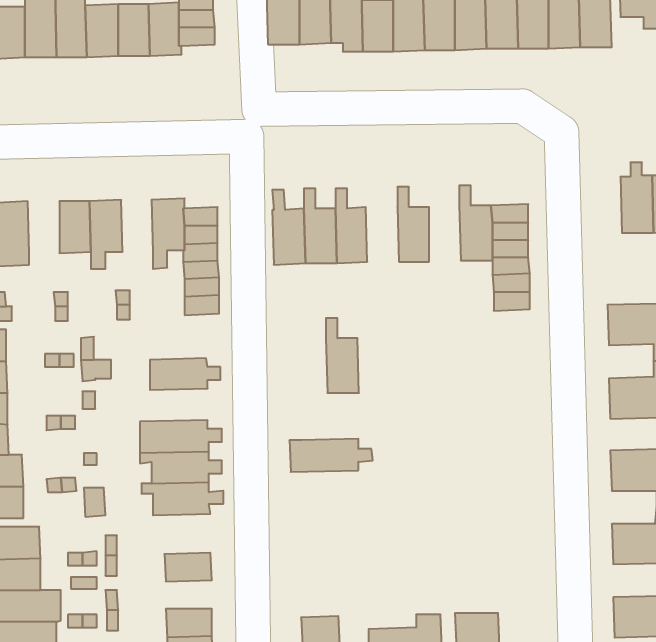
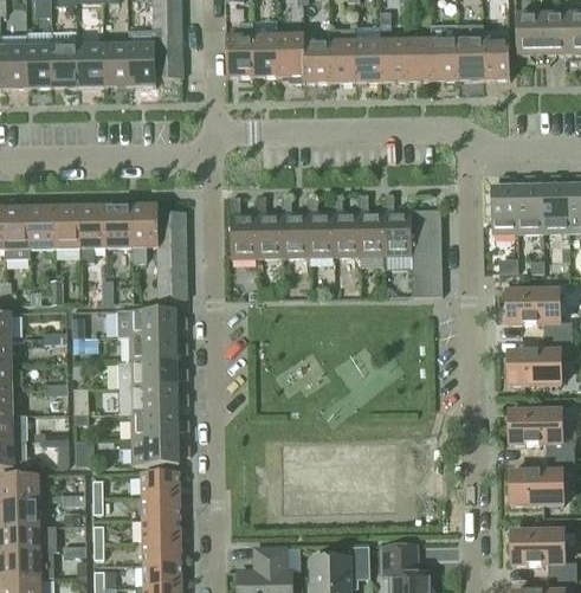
building: none -> [490,174,517,233]
building: none -> [357,193,385,256]
building: none -> [105,205,131,247]
building: none -> [28,206,54,249]
building: [326,318,359,393] -> [306,194,334,256]
building: none -> [118,309,187,336]
building: [289,439,373,472] -> [120,360,188,387]
building: none -> [141,471,179,496]
building: none -> [142,517,180,541]

